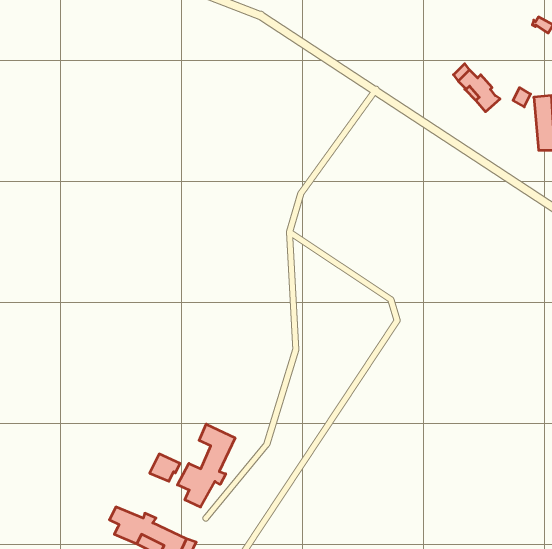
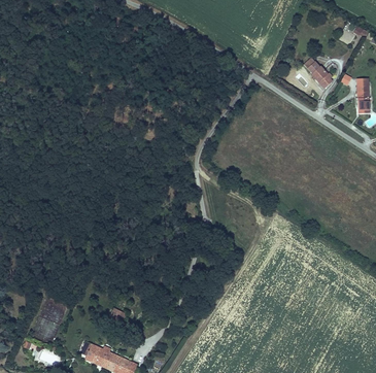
building: [177,424,235,507] -> none

